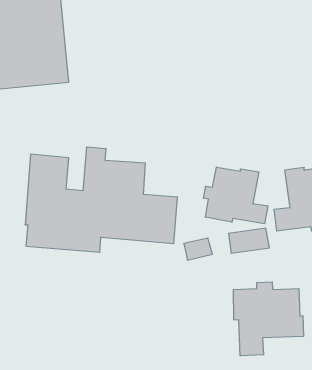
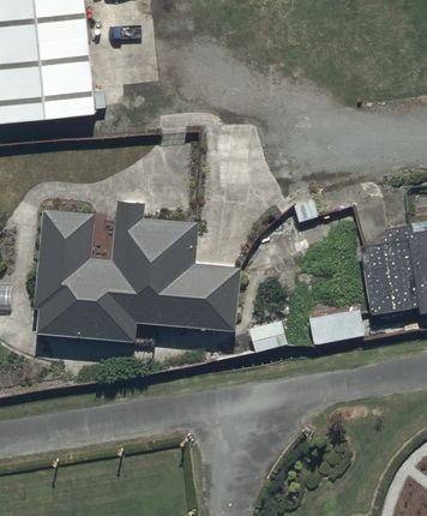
building: [204,167,268,224] -> none
building: [233,282,303,356] -> none

